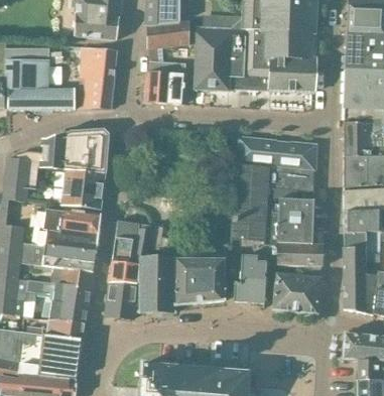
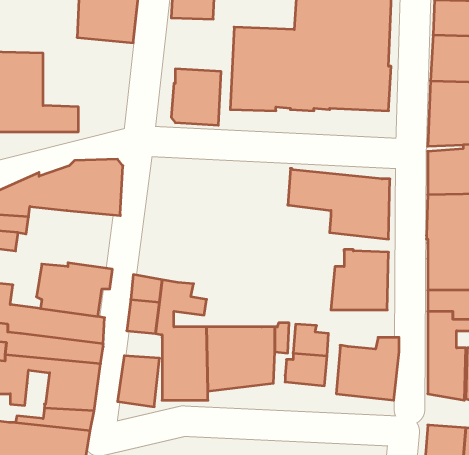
building: [148,21,187,46] -> none
building: [78,46,116,108] -> none
building: [231,164,269,241] -> none
building: [62,168,107,208] -> none
building: [276,245,322,266] -> none
building: [110,261,139,282] -> none

